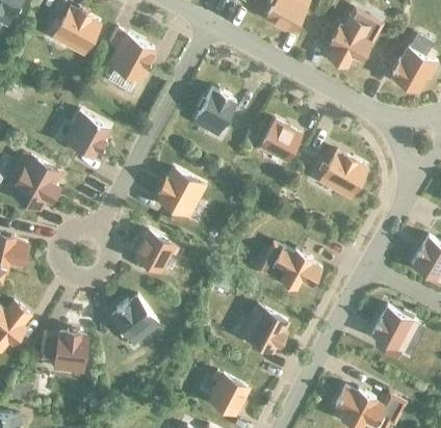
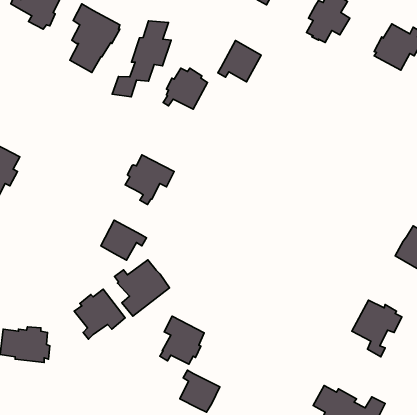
building: none -> [112,21,171,97]
building: [66,112,109,158] -> none
building: [258,122,299,160] -> [218,41,261,82]
building: [317,153,365,197] -> none
building: [269,245,321,290] -> none
building: none -> [115,260,170,316]
building: [244,306,286,351] -> [160,316,204,364]

